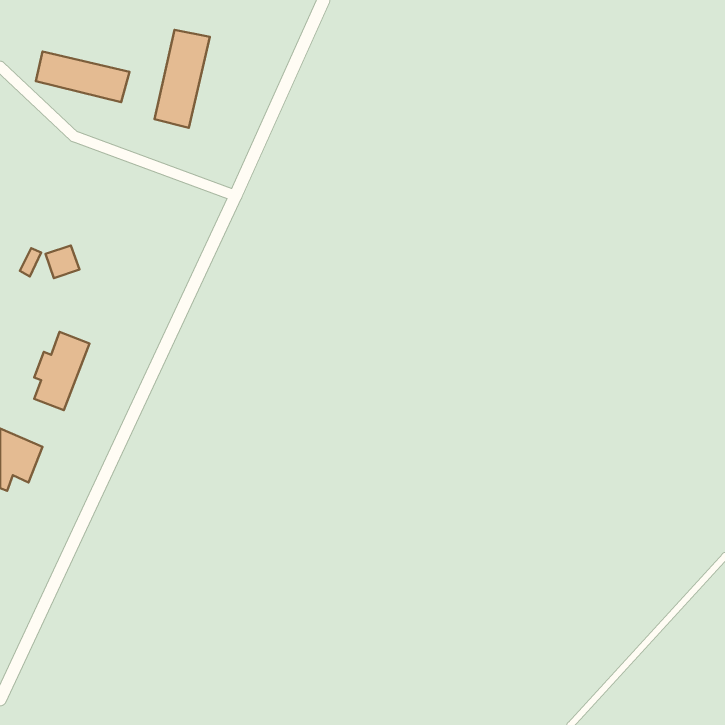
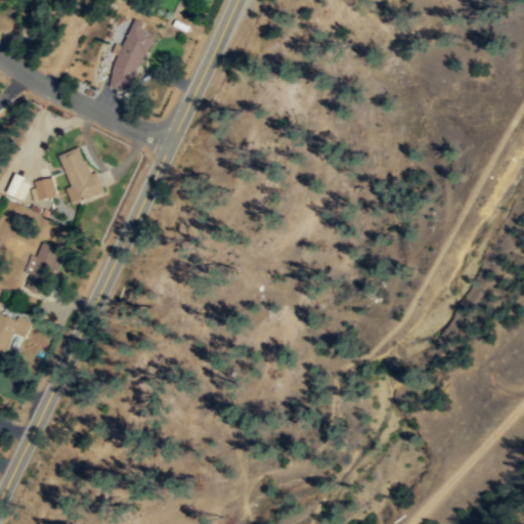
building: [36,52,129,102] -> none
building: none -> [57,145,101,202]

